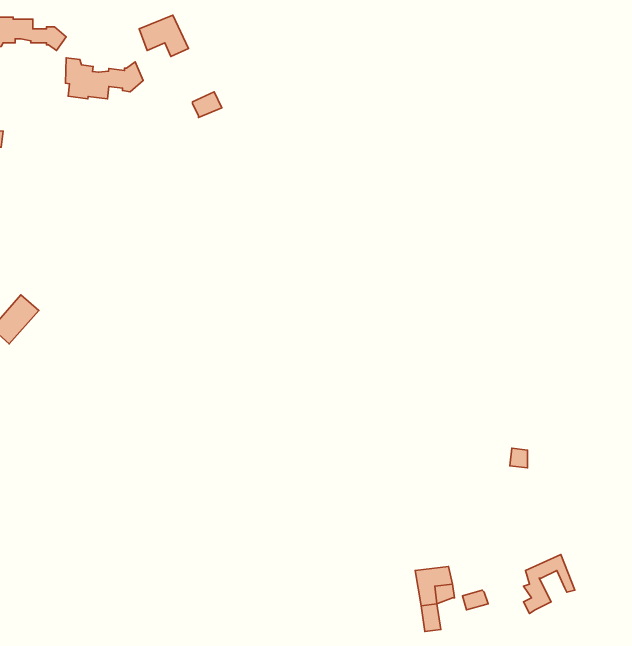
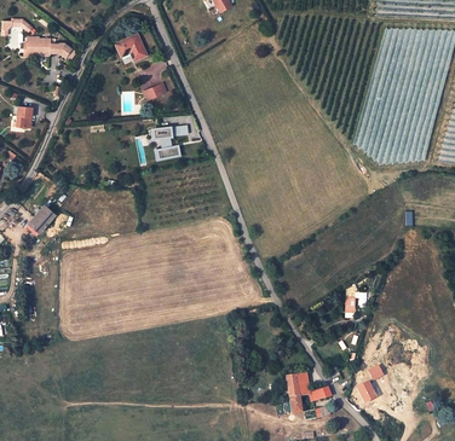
building: [66,58,143,99] -> none
building: none -> [150,126,189,158]

